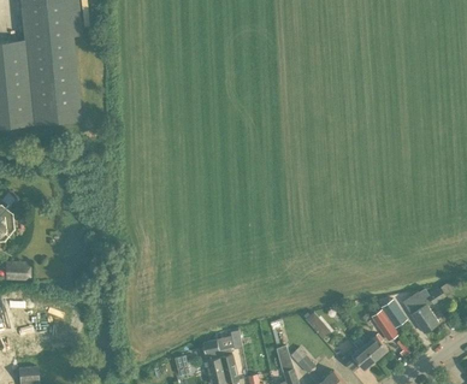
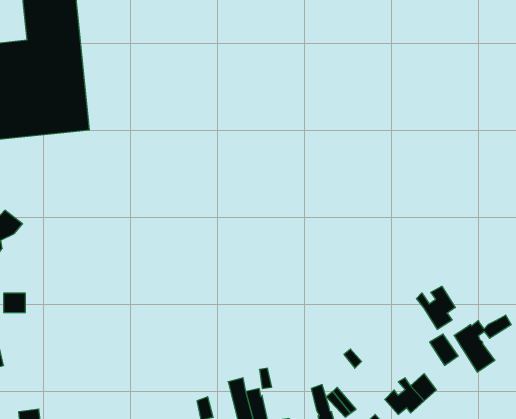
building: none -> [416,286,455,329]

